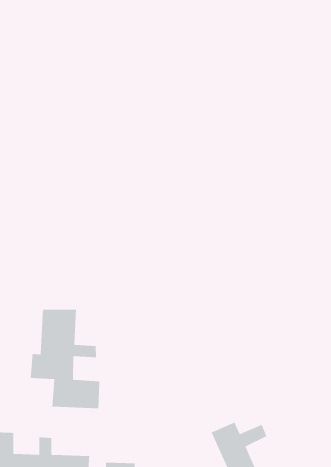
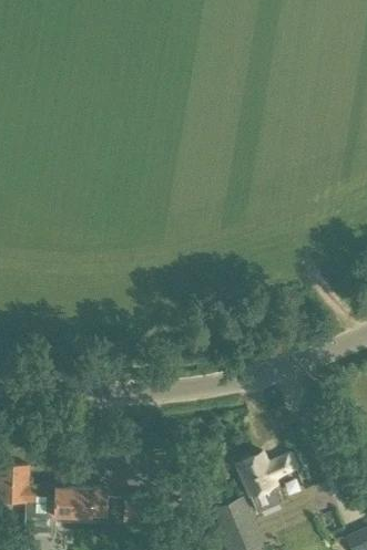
building: [30,309,100,409] -> none

